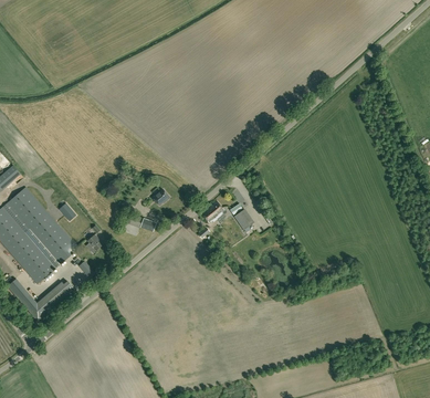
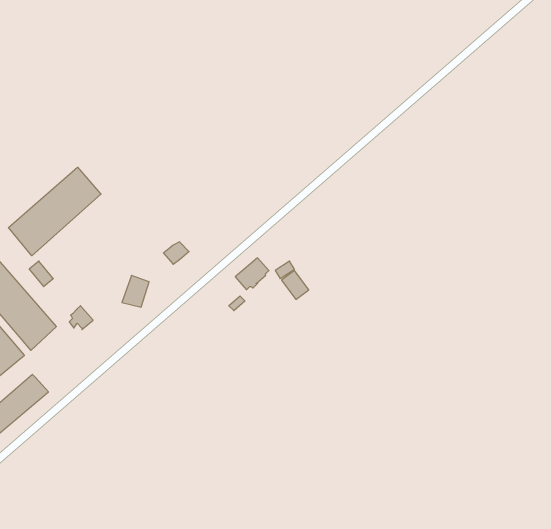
building: none -> [9,167,101,256]

